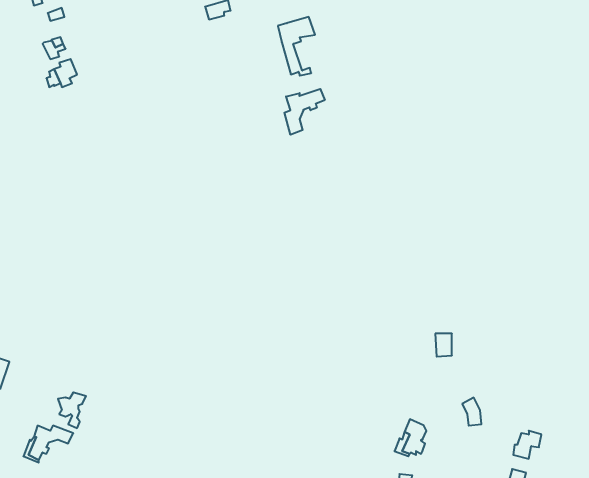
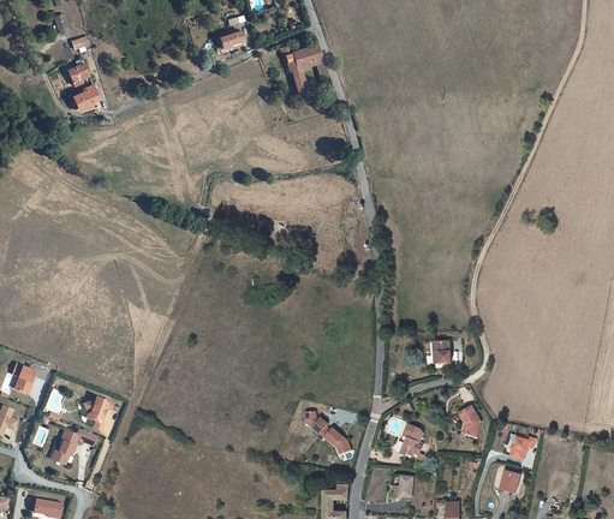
building: [284,89,325,135] -> none
building: none -> [305,411,351,452]

